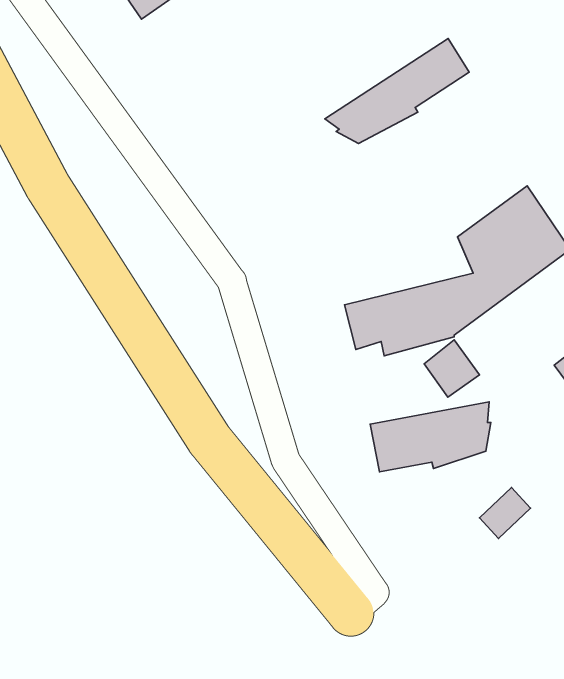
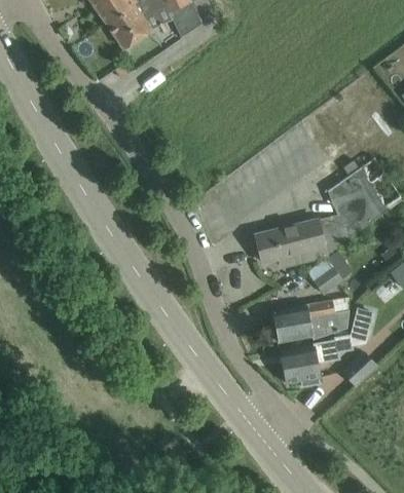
building: [325,38,469,144] -> none
building: none -> [280,308,372,386]

